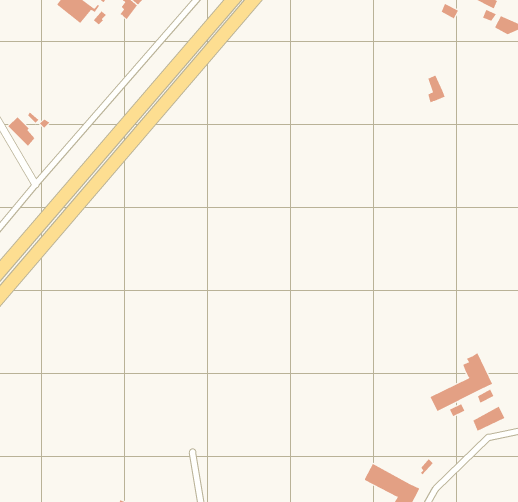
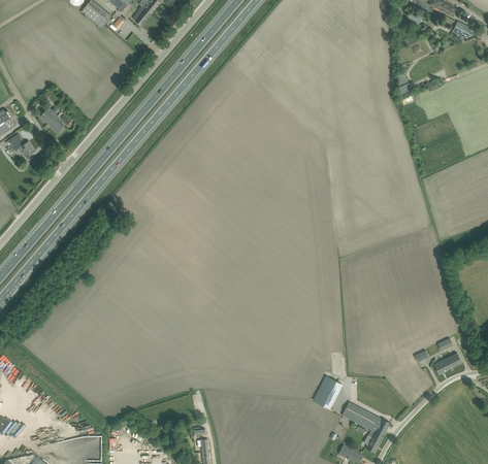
building: [430,352,493,412] -> none
building: none -> [314,375,343,408]

